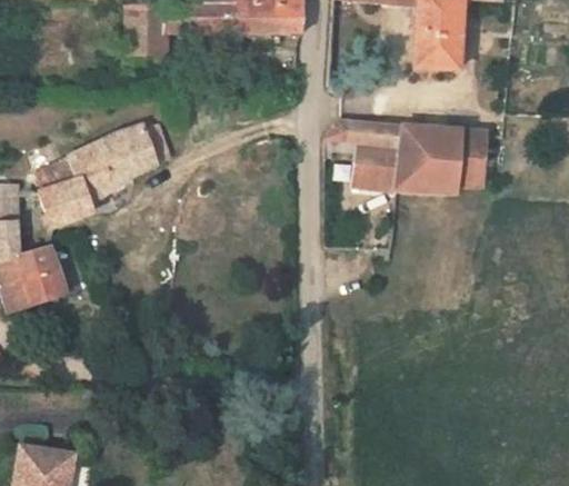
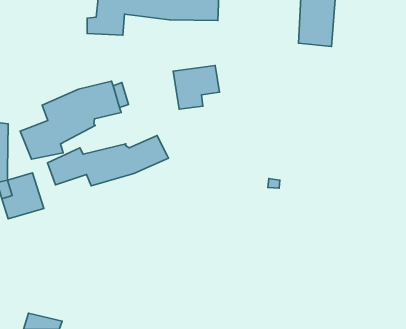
building: none -> [173,65,219,109]
building: [321,133,489,211] -> none
building: none -> [48,136,168,186]

